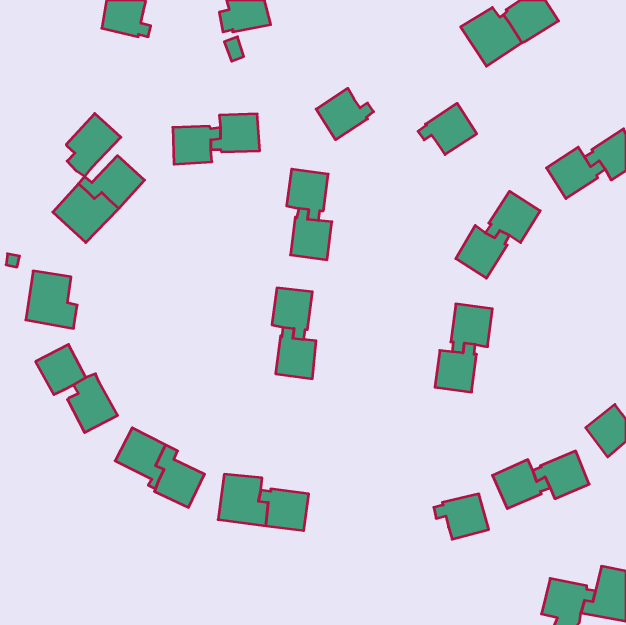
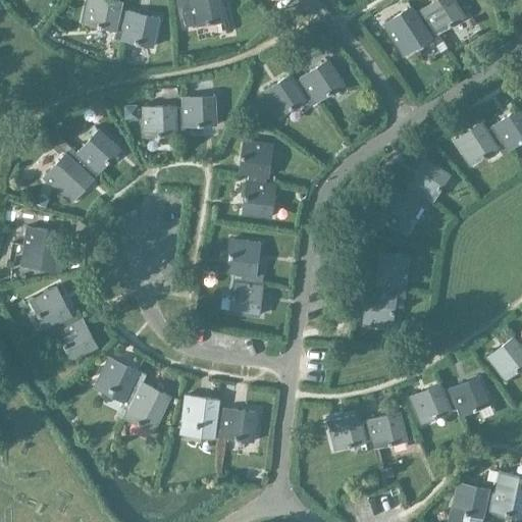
building: none -> [117,11,159,48]
building: [418,103,477,155] -> [295,60,344,103]
building: [66,113,121,176] -> none
building: none -> [328,414,373,451]

